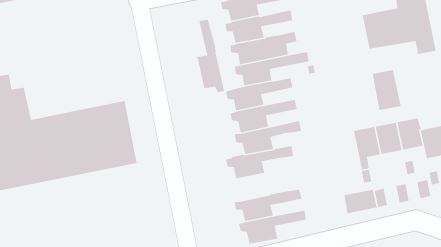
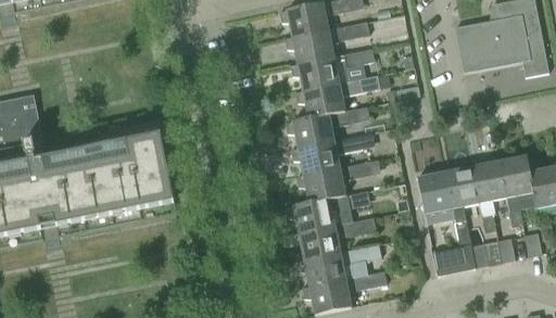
building: [197,19,225,93] -> none
building: [372,69,401,111] -> [417,171,454,224]
building: none -> [290,217,376,259]

